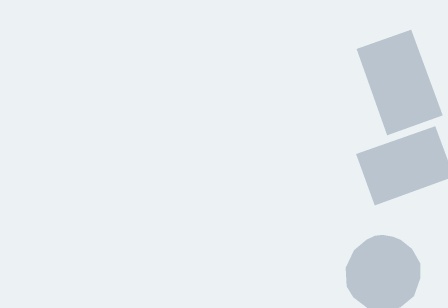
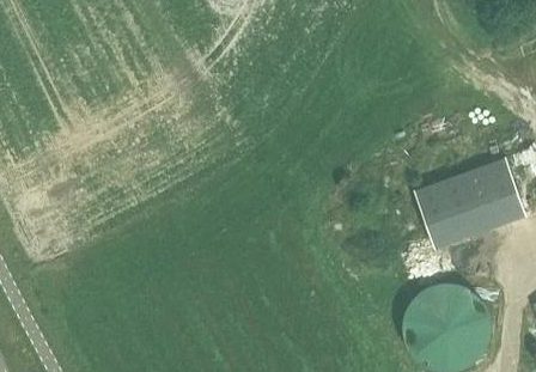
building: [356,29,444,136] -> none

